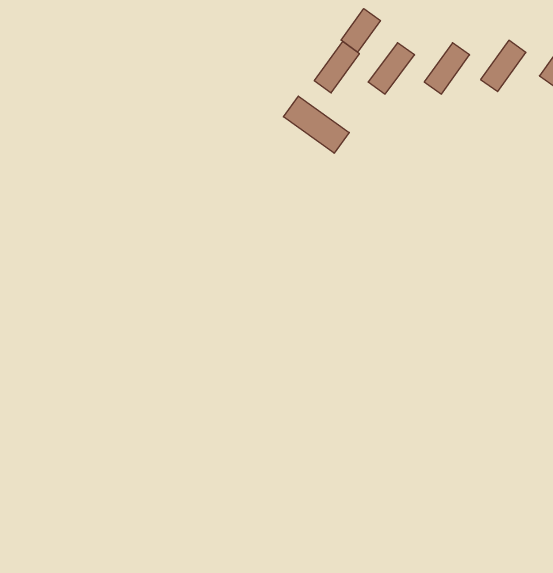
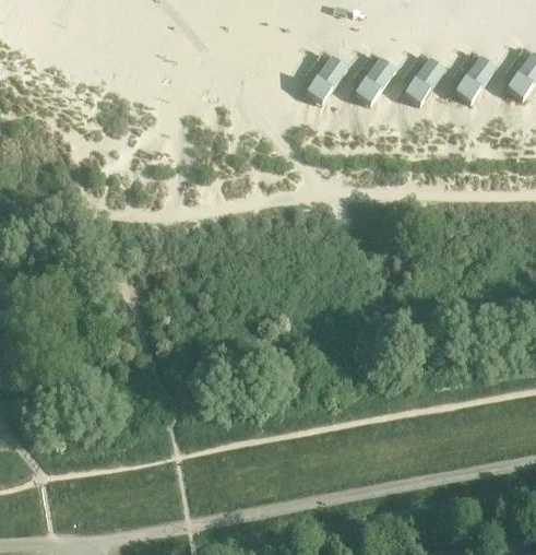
building: [341,9,380,52] -> none
building: [283,96,349,153] -> none

